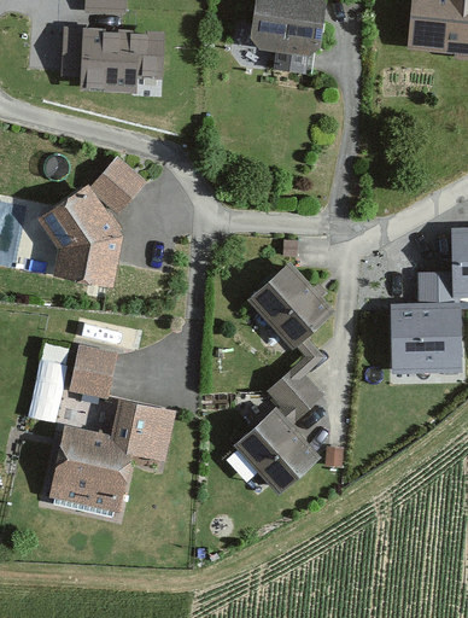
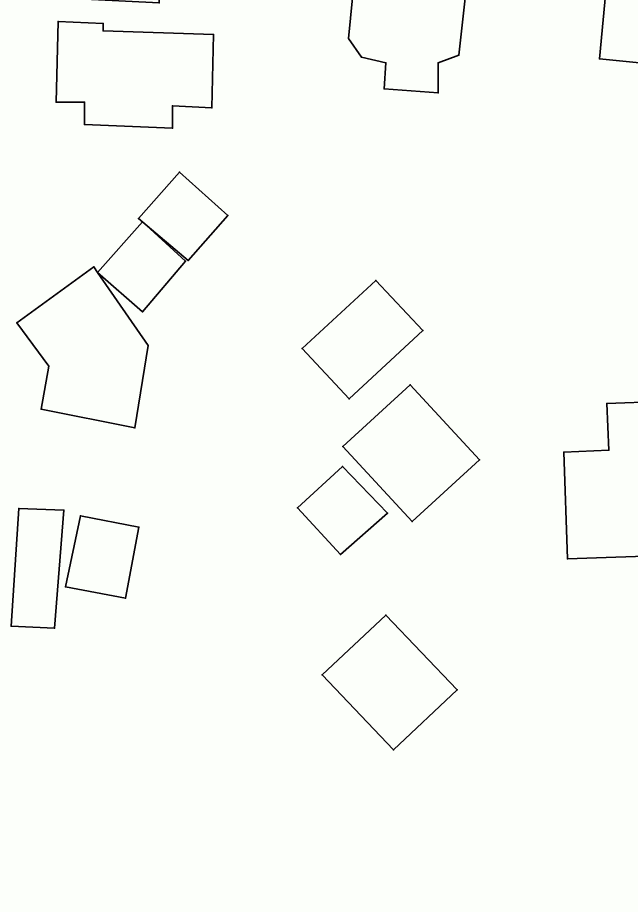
building: none -> [138,172,228,261]
building: none -> [302,281,423,399]
building: [264,363,322,420] -> [297,466,387,554]
building: [47,397,175,513] -> none

